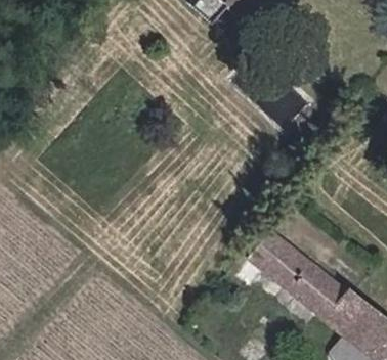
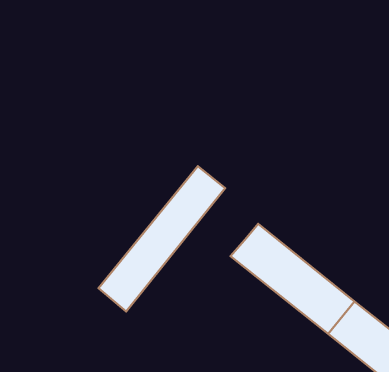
building: none -> [98,166,225,311]

